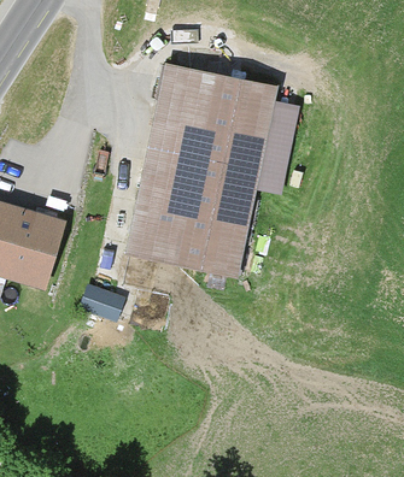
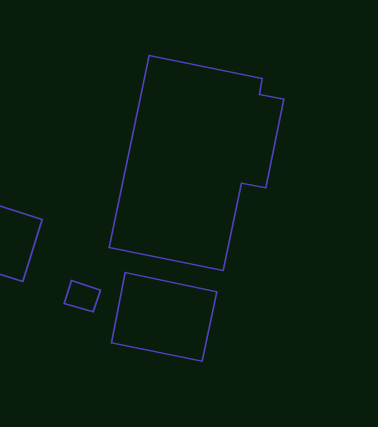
building: none -> [111,273,217,361]

